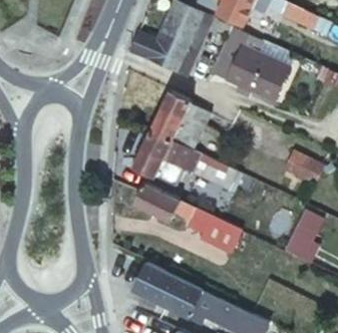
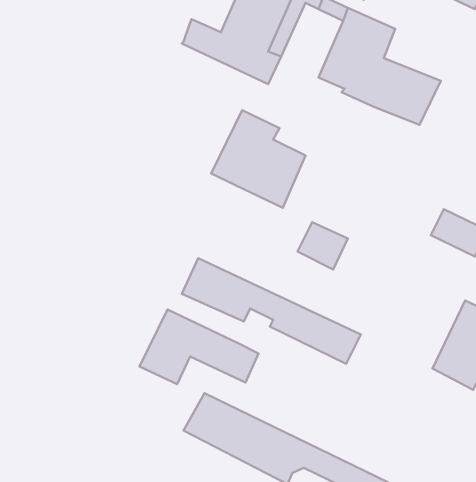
building: [133,130,207,177] -> [140,309,258,384]

